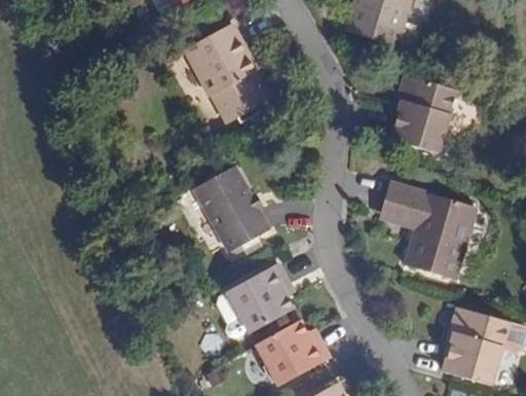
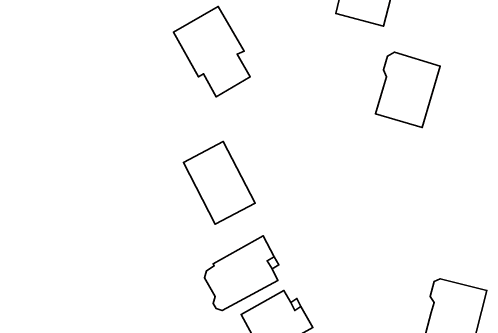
building: [383,182,478,280] -> none

